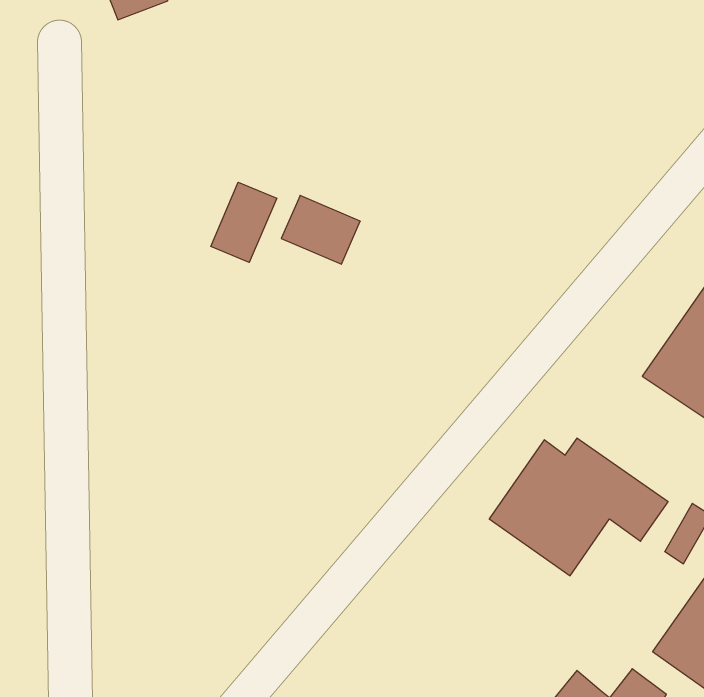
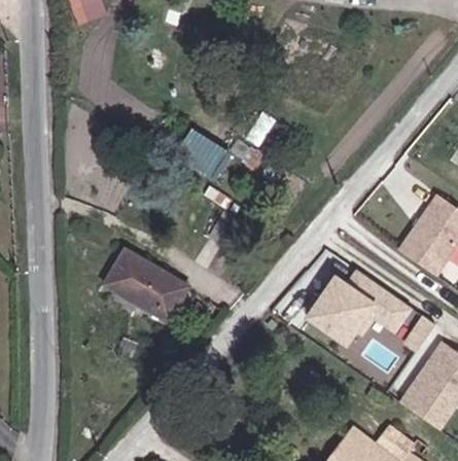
building: [211,182,277,262] -> none
building: none -> [103,250,182,319]

